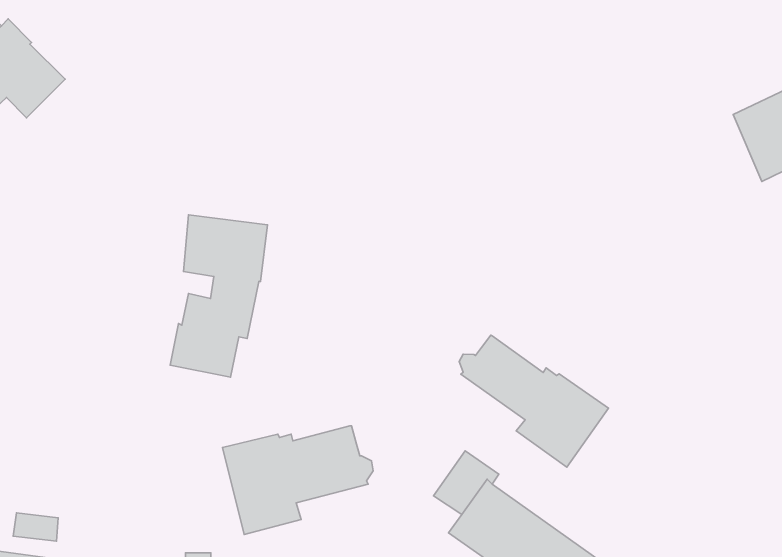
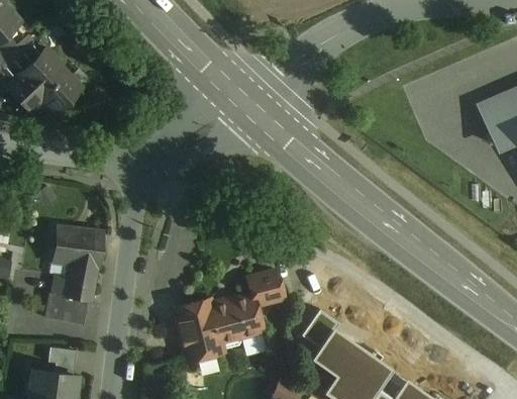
building: [170,215,267,377] -> [45,228,104,326]
building: [459,335,609,467] -> none
building: none -> [247,272,284,307]

